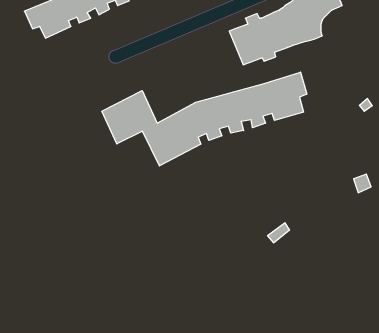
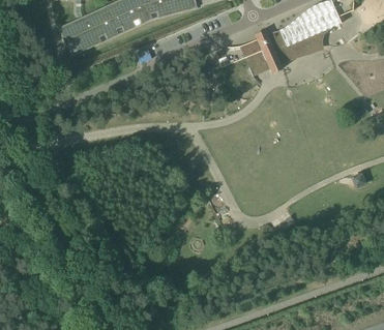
building: [102,72,307,166] -> none

